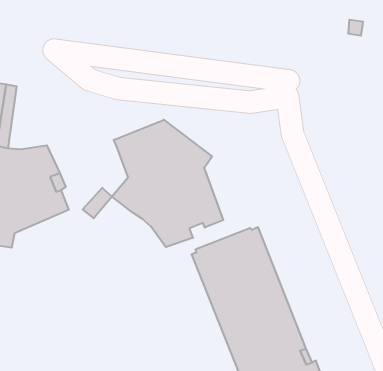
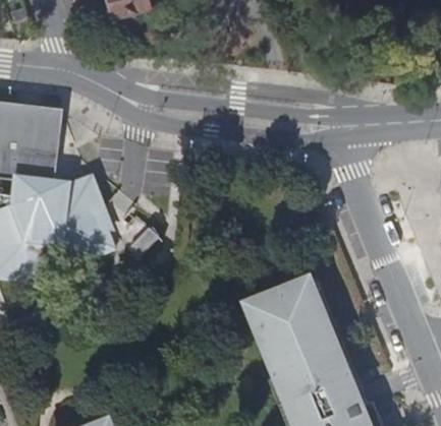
building: [112,120,223,247] -> none

